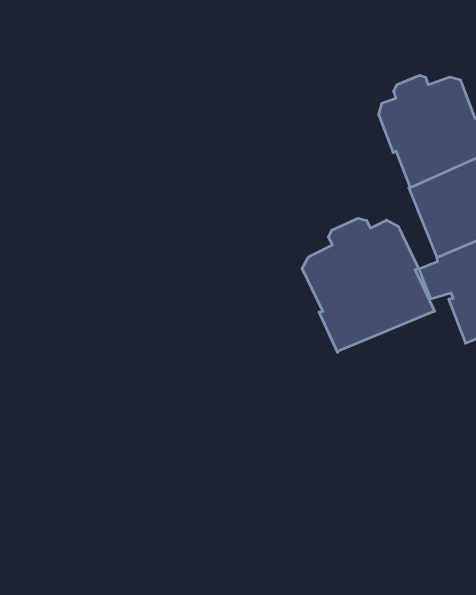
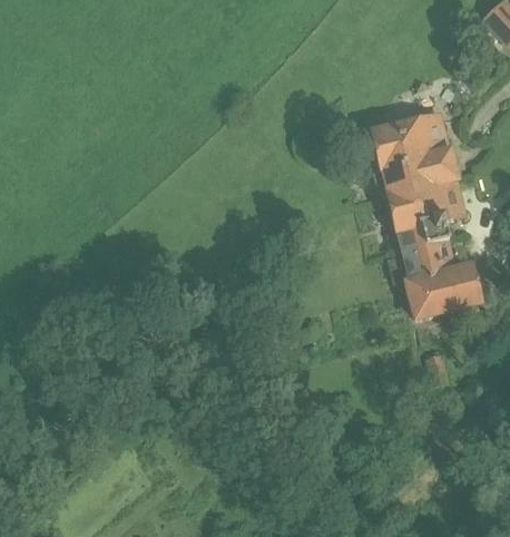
building: [302,218,435,352] -> none

